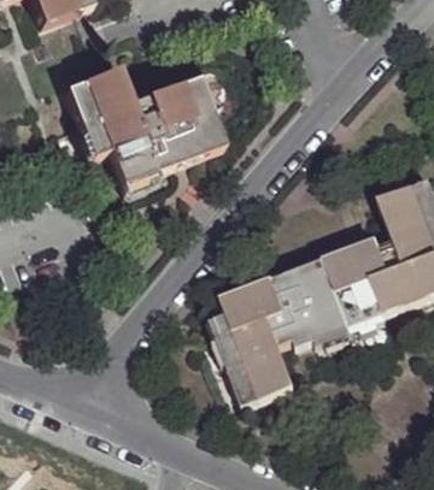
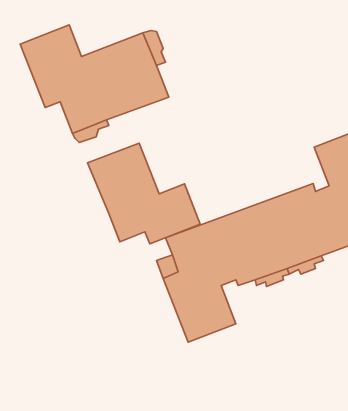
building: none -> [88,143,200,244]

